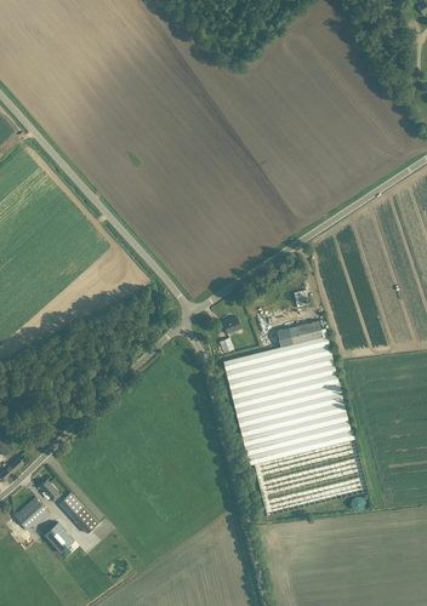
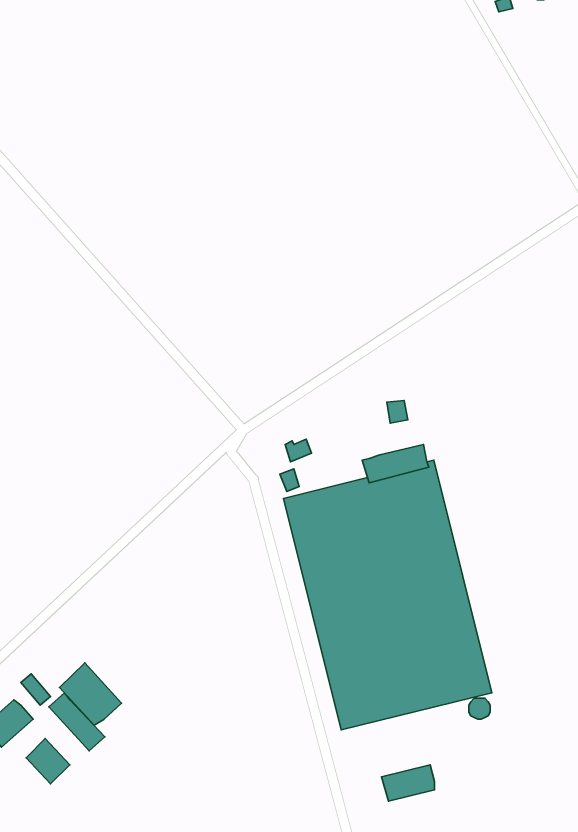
building: none -> [59,663,122,725]
building: none -> [381,765,434,801]

